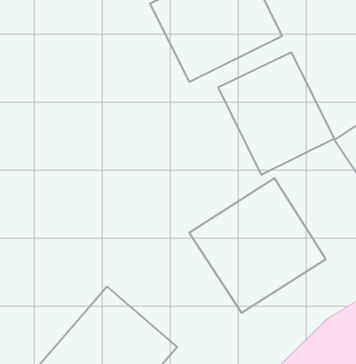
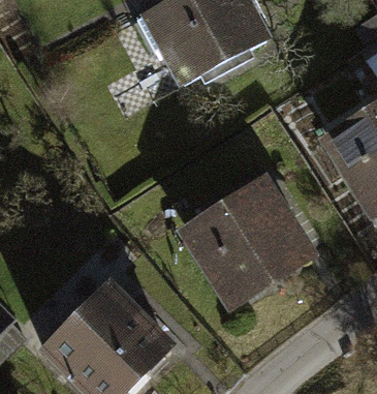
building: [218,52,334,175] -> none

